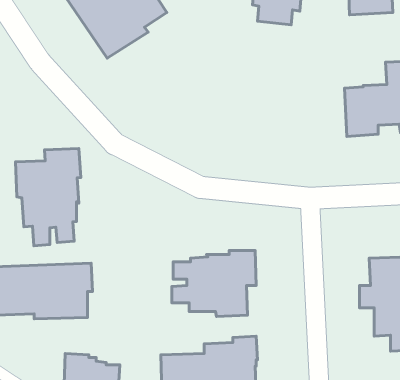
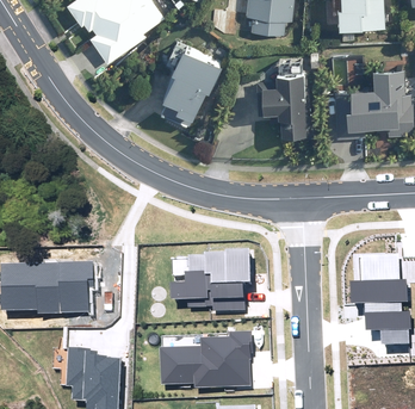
building: none -> [162,49,223,128]
building: none -> [255,69,316,137]
building: [16,148,81,246] -> none

